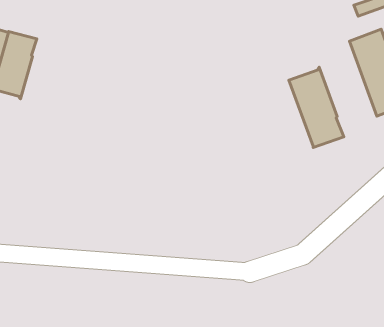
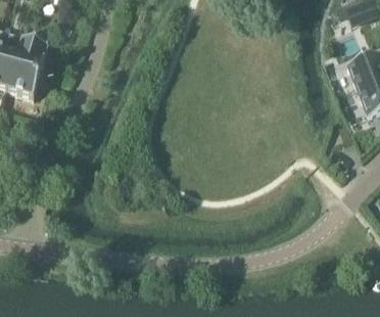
building: [289,67,344,148] -> none

